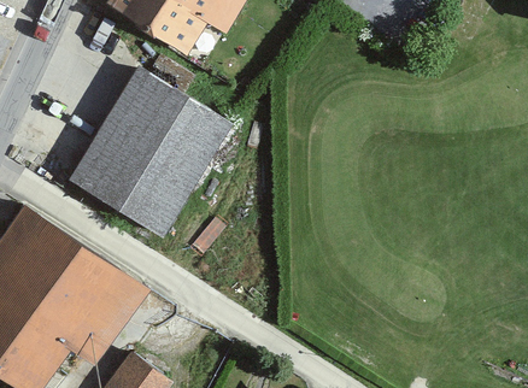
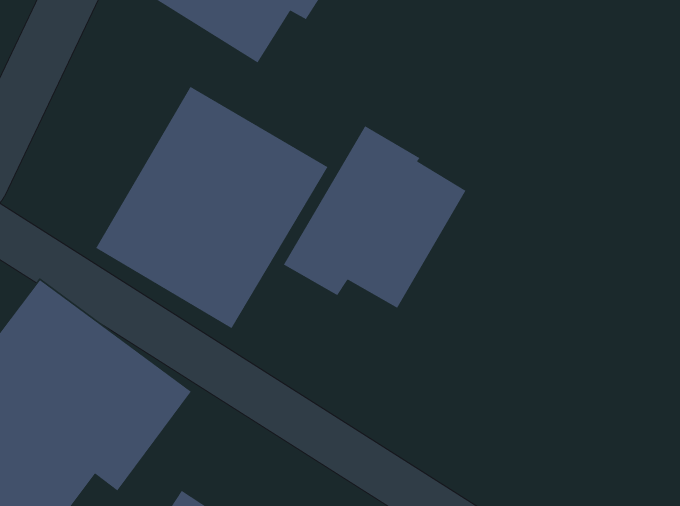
building: none -> [283,125,466,309]

